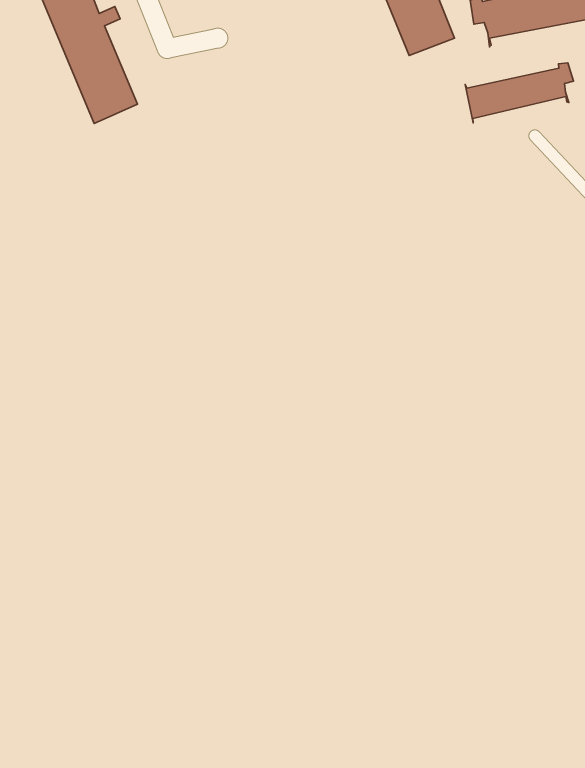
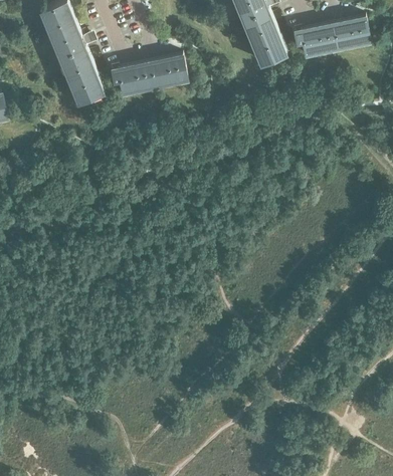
building: none -> [111,56,187,95]
building: [465,63,573,123] -> none

